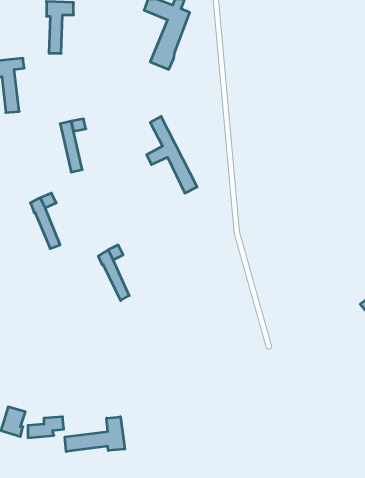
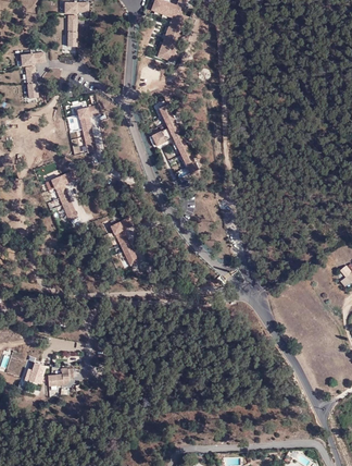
building: [65,417,125,452] -> none

